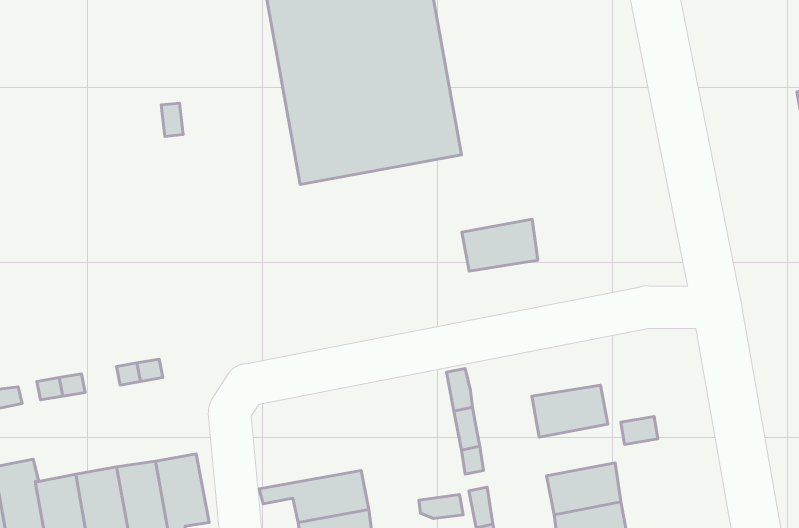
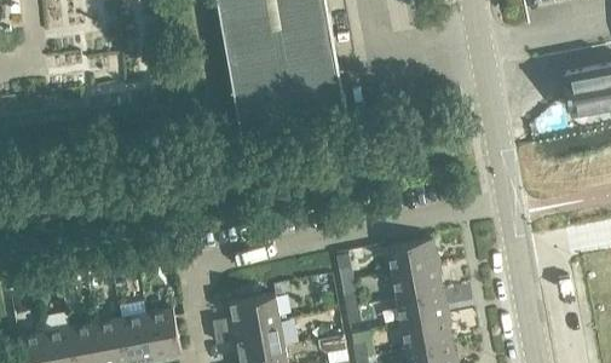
building: [462,219,538,271] -> [386,237,436,271]
building: none -> [396,289,445,323]
building: none -> [212,293,279,332]

